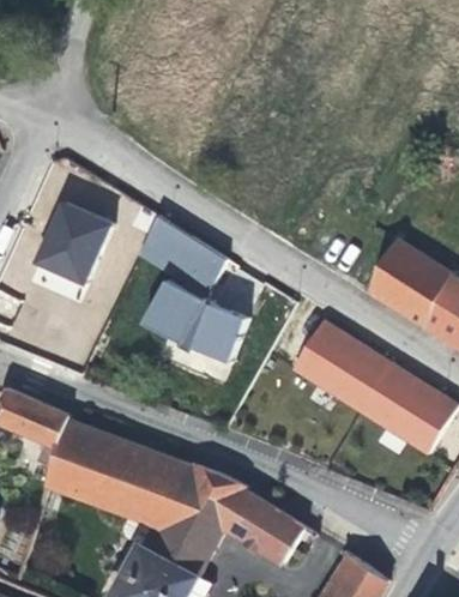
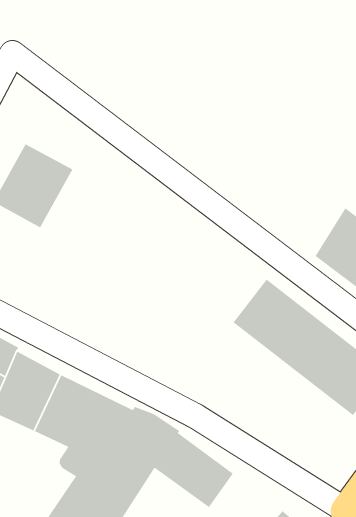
building: [139,216,227,296] -> none
building: [135,283,241,363] -> none

